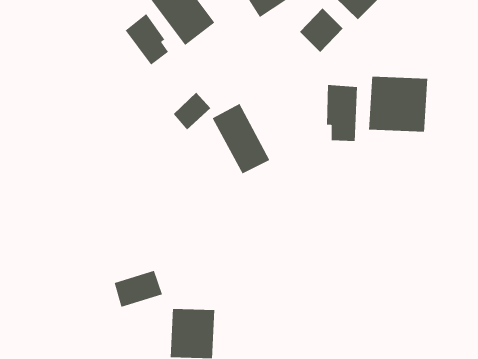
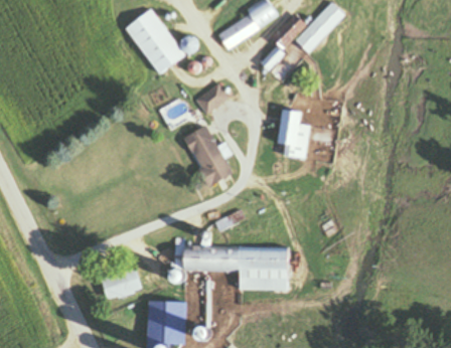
building: [125,13,169,66] -> none
building: [369,76,428,133] -> none
building: [173,92,211,130] -> [193,82,227,116]
building: none -> [171,247,292,291]

